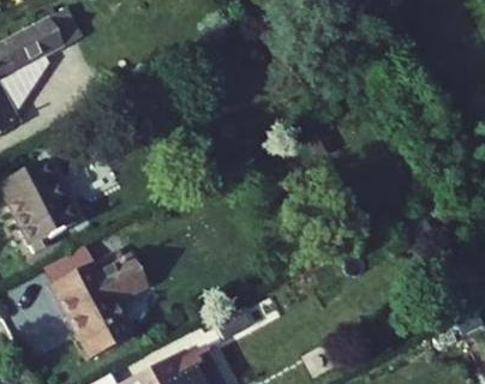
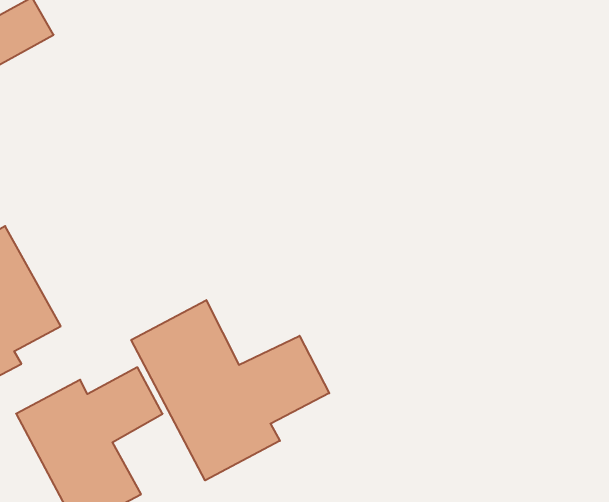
building: none -> [131,300,329,480]

